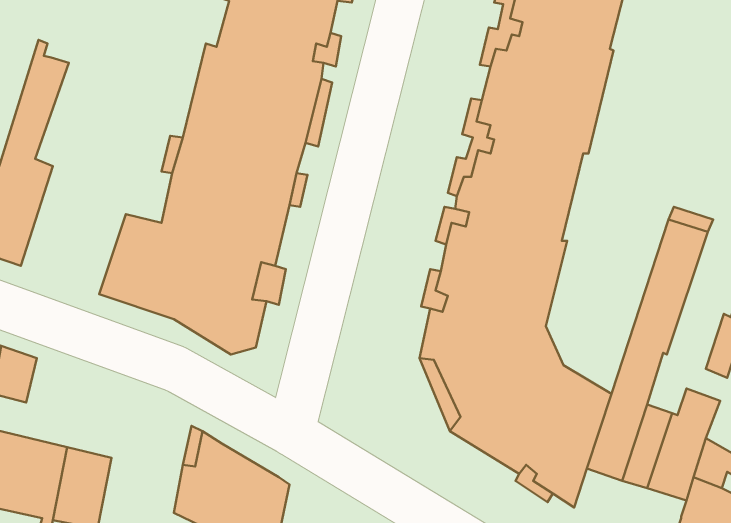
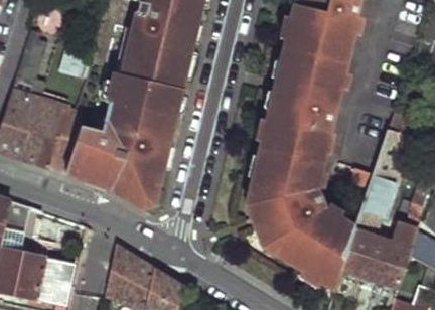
building: none -> [21,100,85,172]

